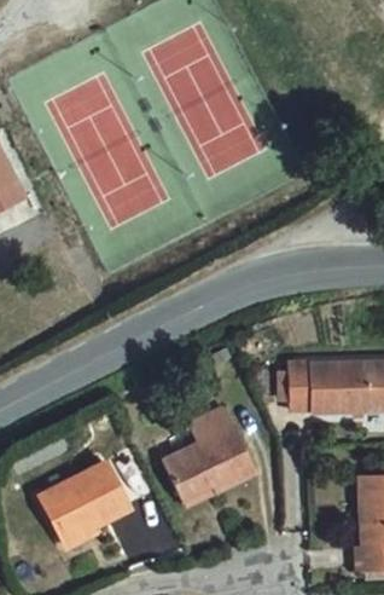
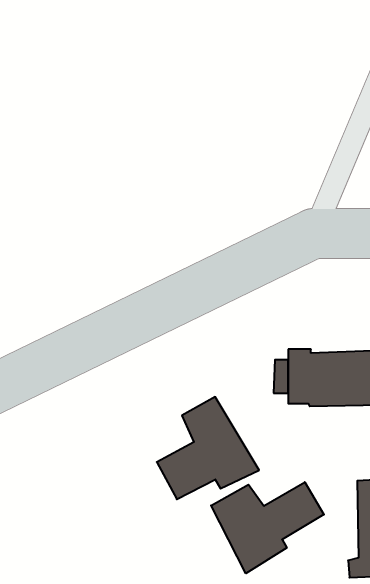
building: [48,467,136,544] -> none
building: none -> [211,482,324,573]

